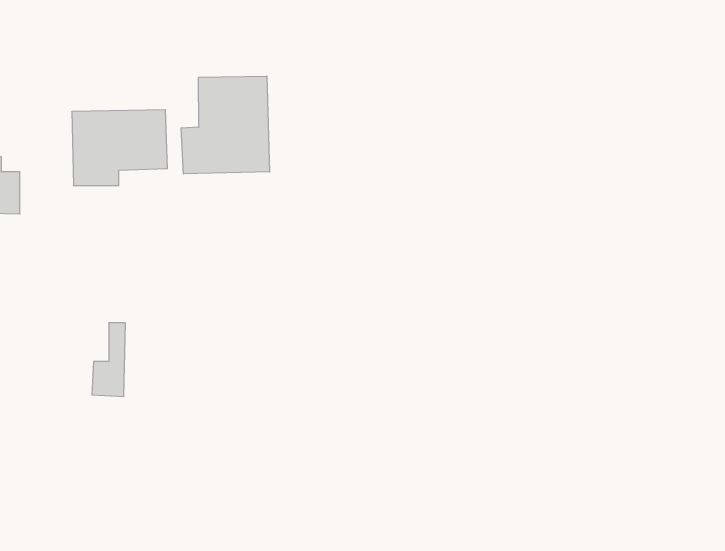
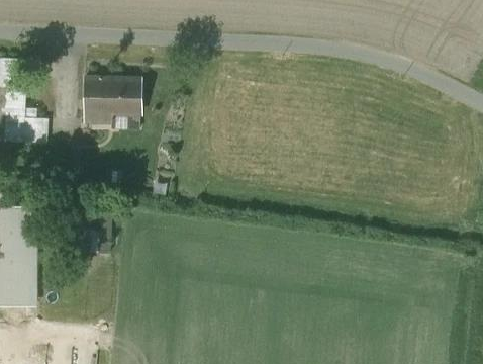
building: [181,76,270,174] -> none

